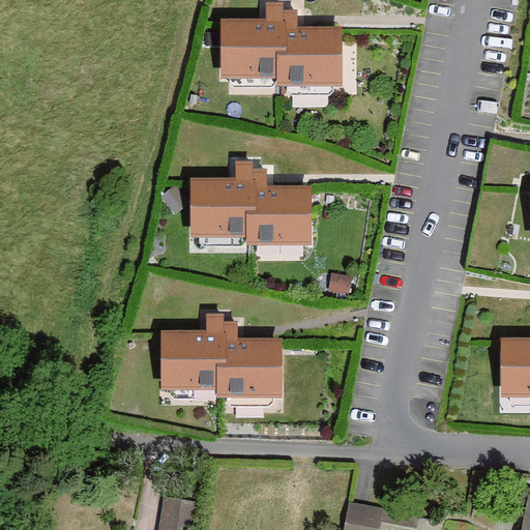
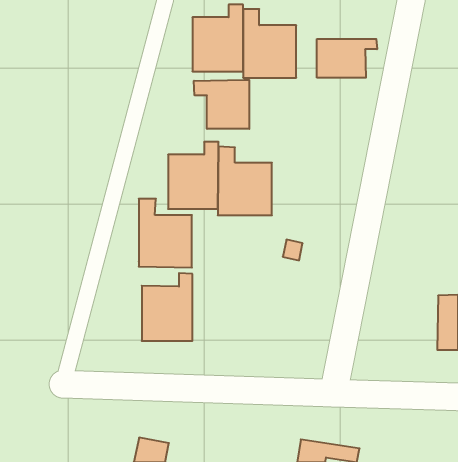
building: none -> [317,39,377,78]
building: none -> [194,80,249,129]
building: [220,319,282,398] -> [139,199,192,268]

